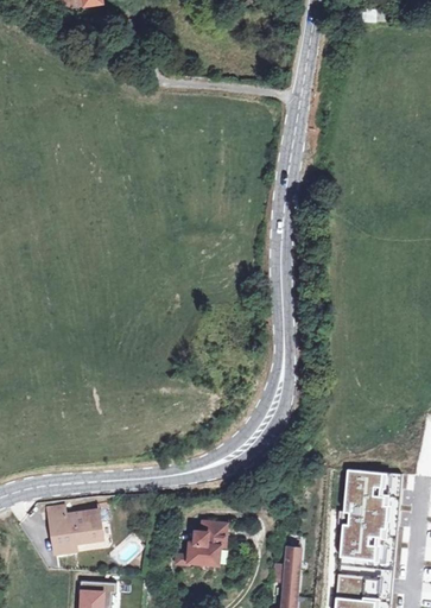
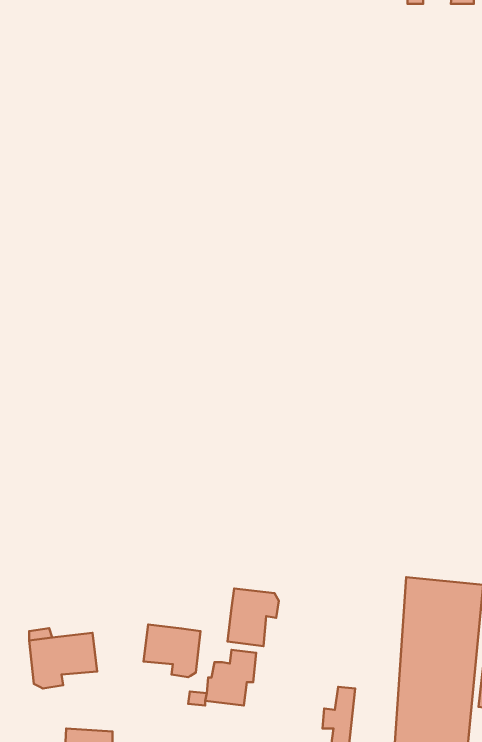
building: none -> [227,589,279,646]
building: none -> [143,625,201,677]

